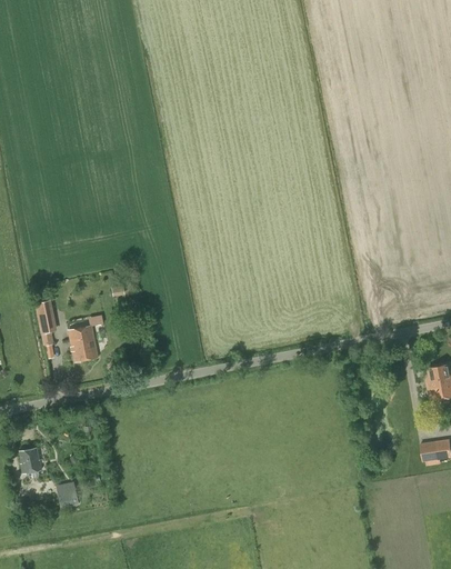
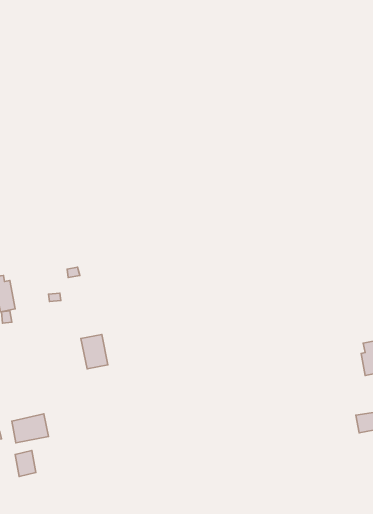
building: [69,326,98,362] -> [81,334,108,369]
building: none -> [12,414,48,443]

